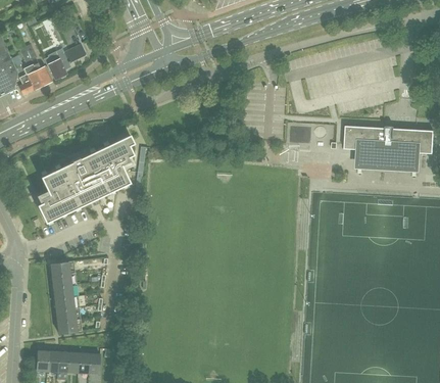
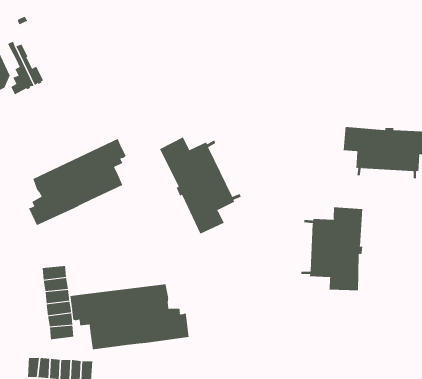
building: [44,35,86,80] -> none
building: none -> [159,137,242,234]
building: none -> [301,207,363,291]
building: none -> [70,283,189,350]

